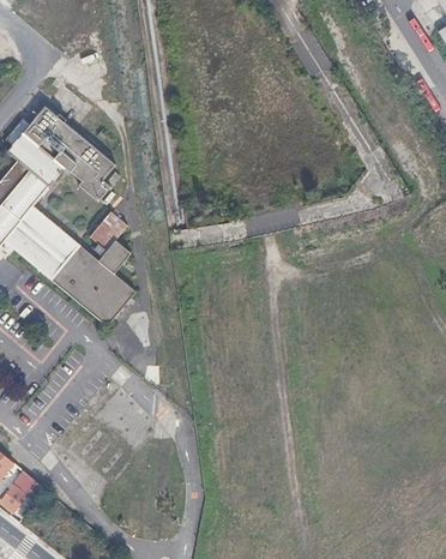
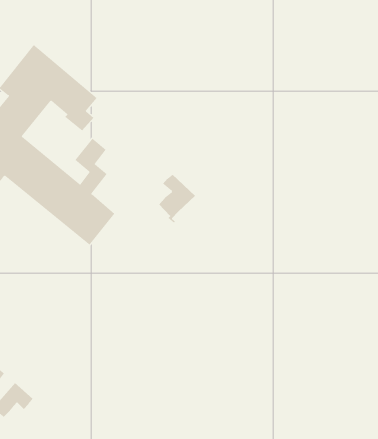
building: none -> [158,174,196,223]

